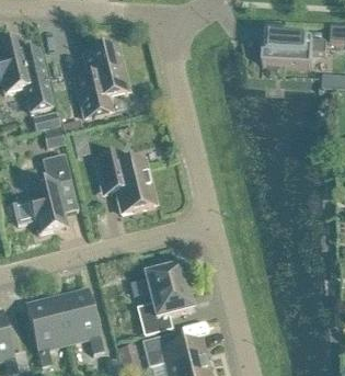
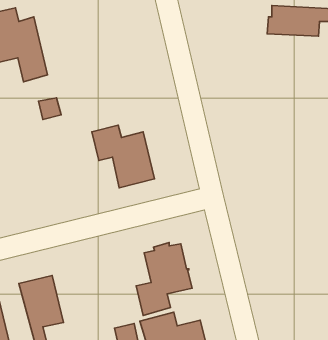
building: [76,45,128,115] -> none
building: [12,152,78,231] -> none
building: [57,287,104,352] -> none

